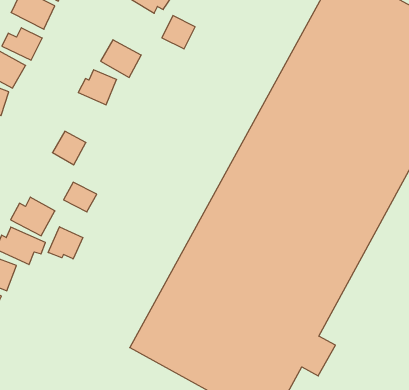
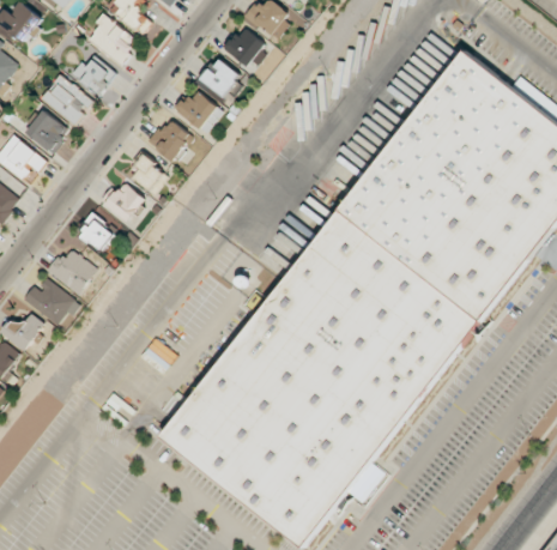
building: [162,16,195,49] -> [201,58,241,97]
building: none -> [128,155,169,194]
building: [64,182,97,212] -> [78,216,116,252]
building: [48,227,83,259] -> none

